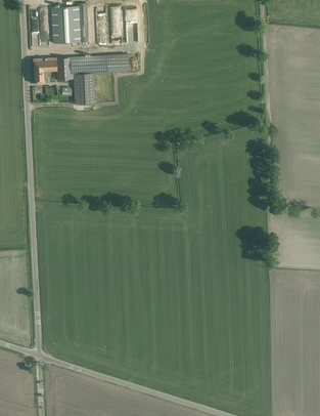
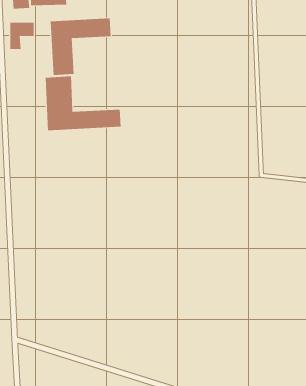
building: none -> [45,76,121,131]

